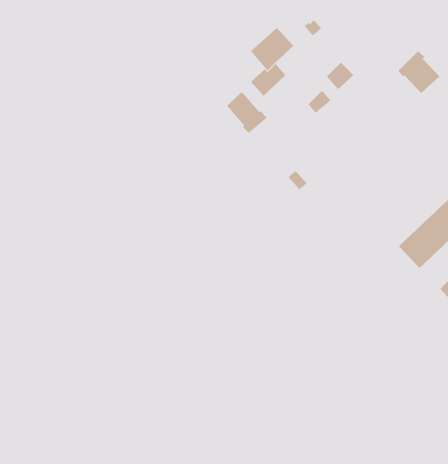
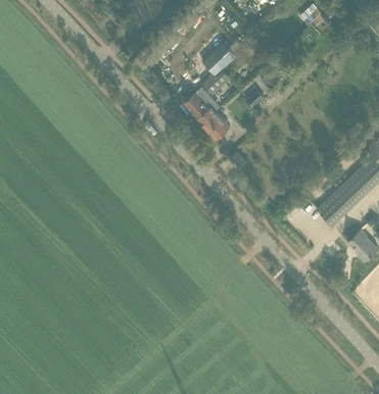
building: [397,50,440,94] -> none
building: none -> [201,110,230,139]

